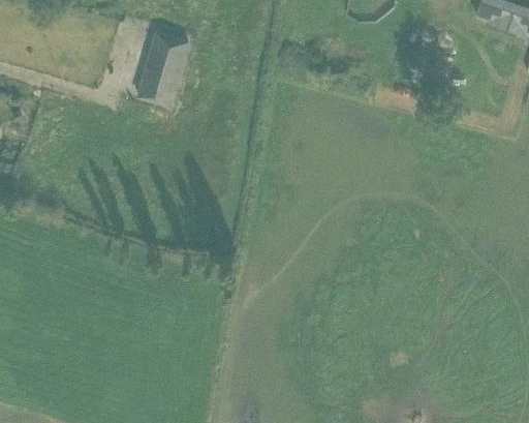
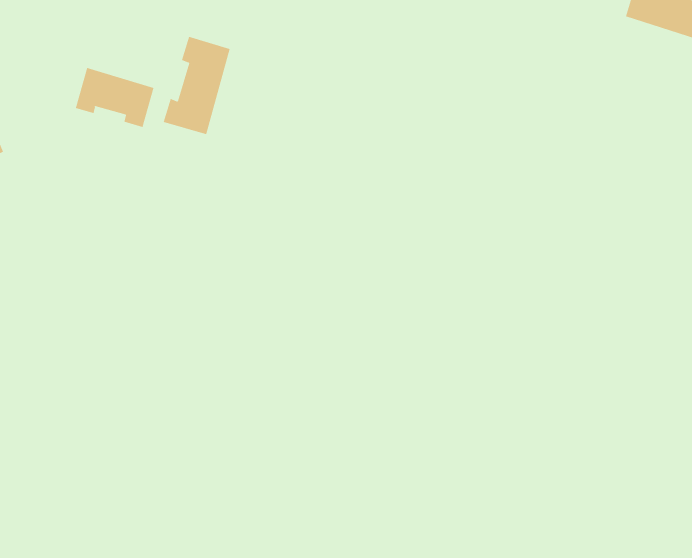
building: none -> [75,67,154,128]

